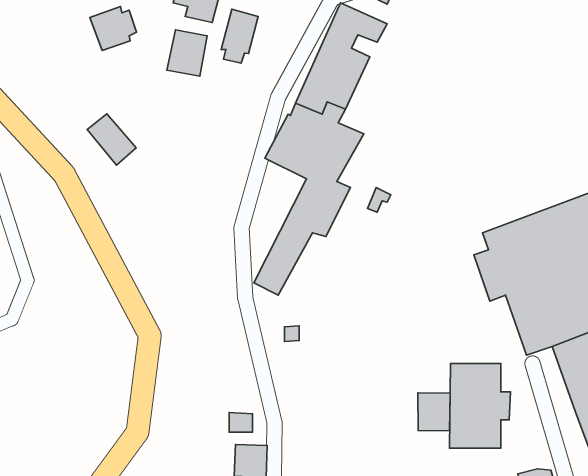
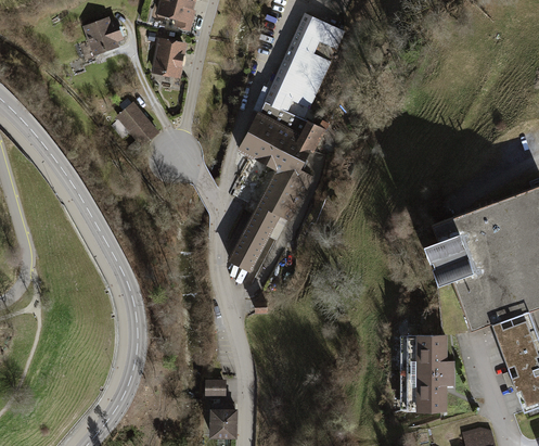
building: [221,9,258,63] -> none
building: [87,114,136,165] -> [116,103,159,149]
building: [418,393,450,431] -> none

